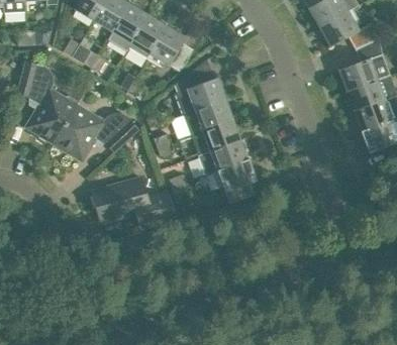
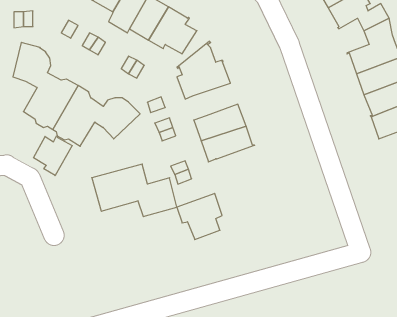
building: [183,100,233,135] -> none
building: none -> [34,136,72,176]
building: [213,159,257,204] -> [177,193,222,240]

